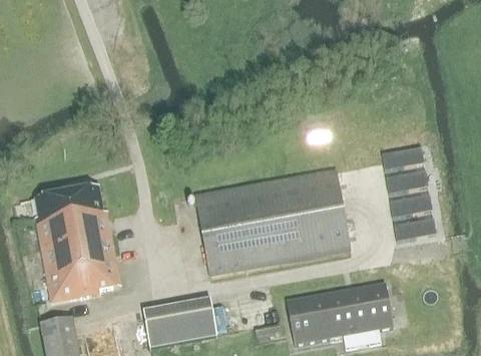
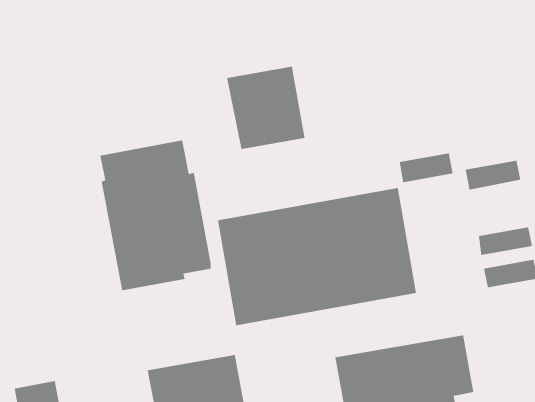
building: none -> [226,66,305,150]
building: [391,172,433,196] -> [399,153,453,183]
building: [33,185,119,301] -> [99,140,212,291]

